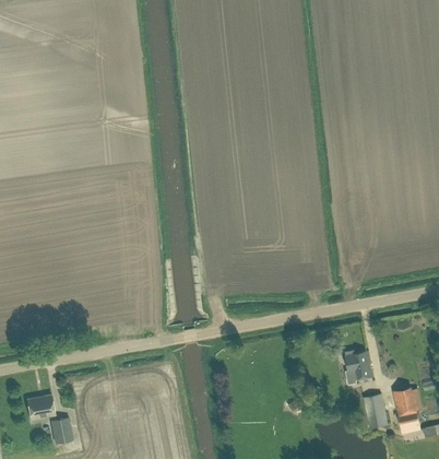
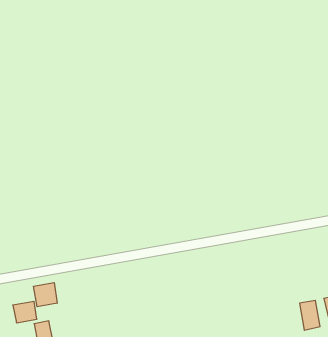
building: [344,351,372,385] -> none
building: none -> [34,283,57,307]

